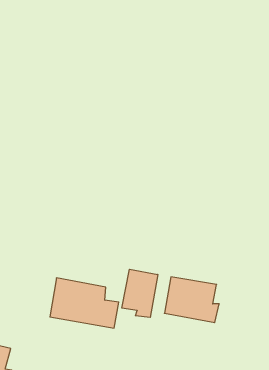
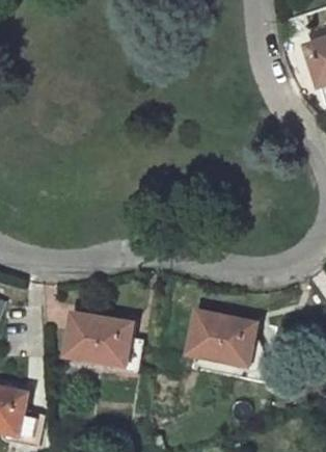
building: [122,269,158,317] -> none

